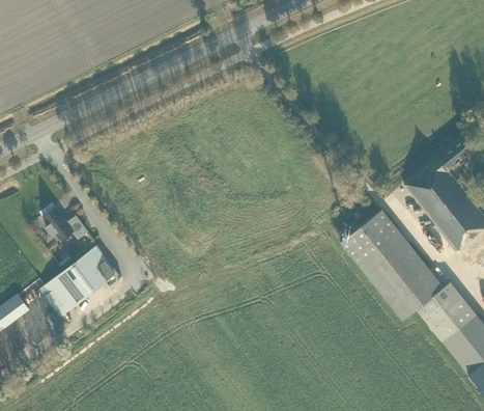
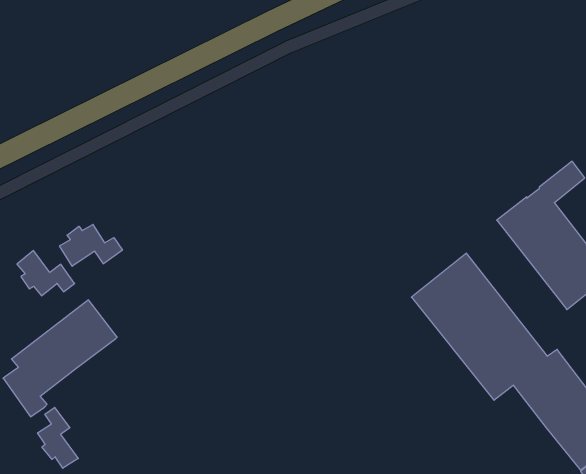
building: none -> [60,224,122,266]
building: none -> [38,407,78,468]

